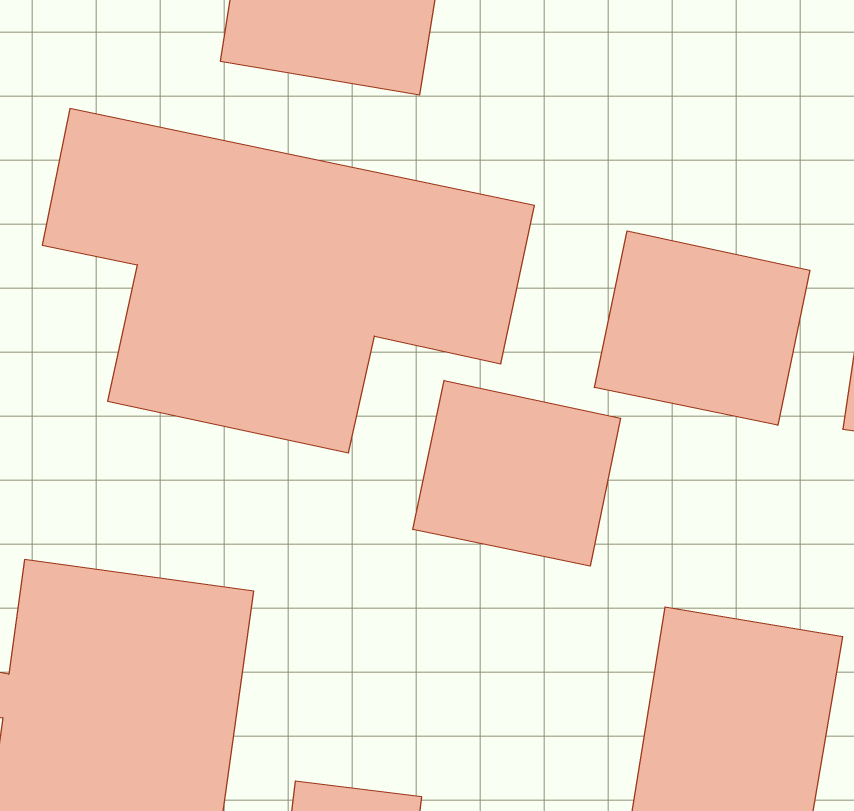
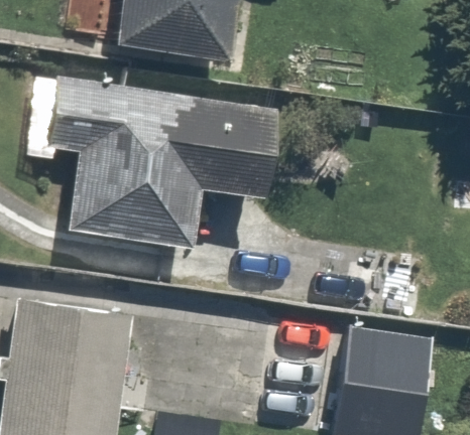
building: [594,231,810,425] -> none
building: [413,380,621,566] -> none

